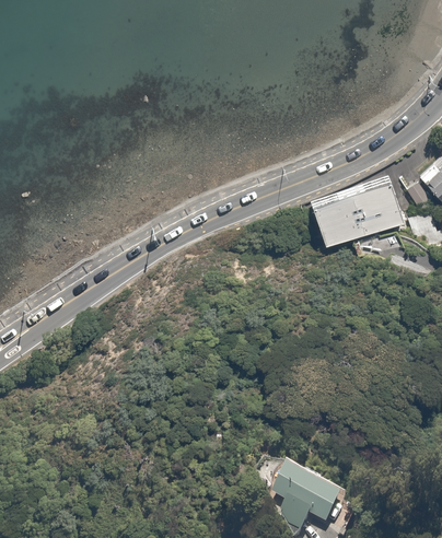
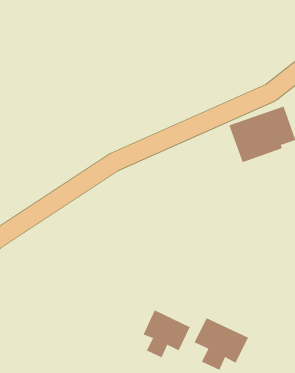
building: none -> [143,309,190,358]

